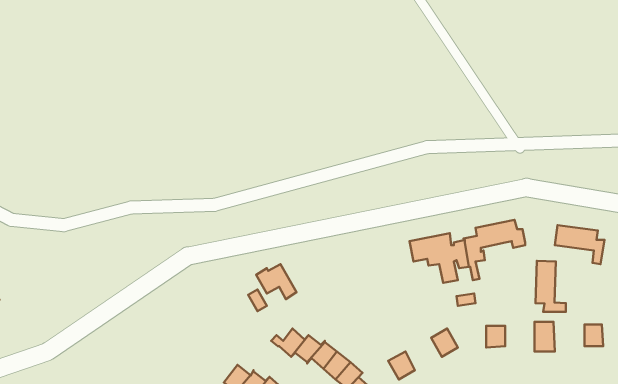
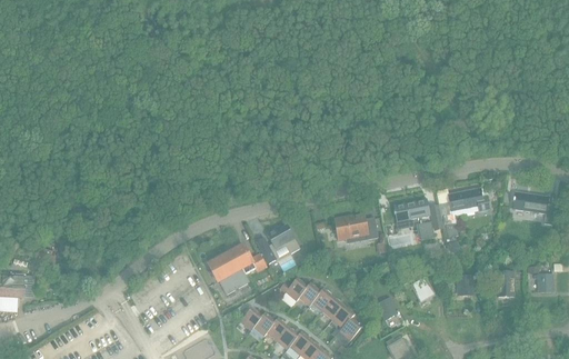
building: none -> [333,213,377,240]
building: [535,261,566,312] -> none
building: none -> [207,245,264,295]

